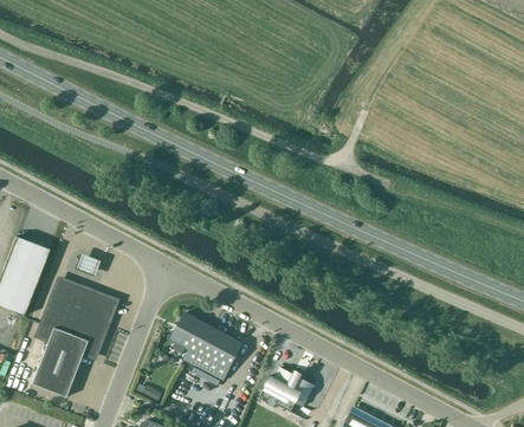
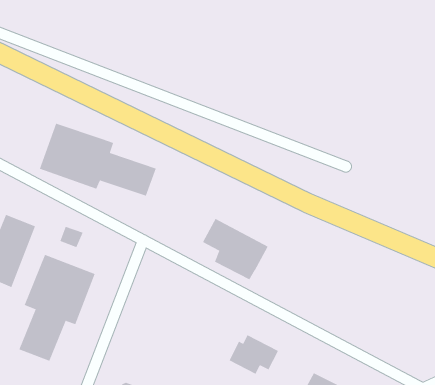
building: none -> [39,123,156,197]
building: [172,312,244,380] -> [202,218,268,280]

